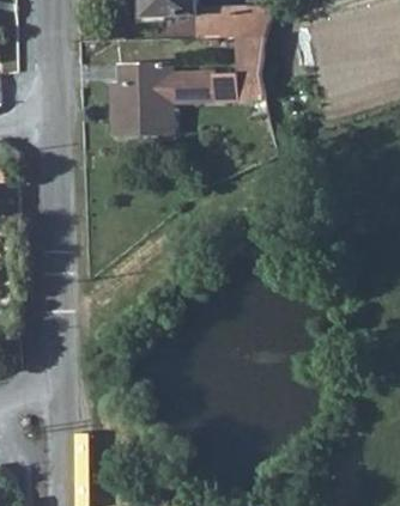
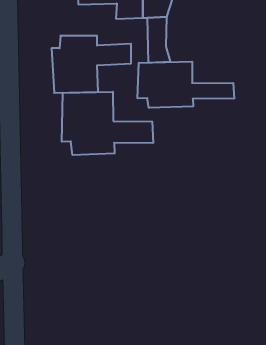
building: none -> [138,62,234,108]
building: none -> [62,92,153,155]

